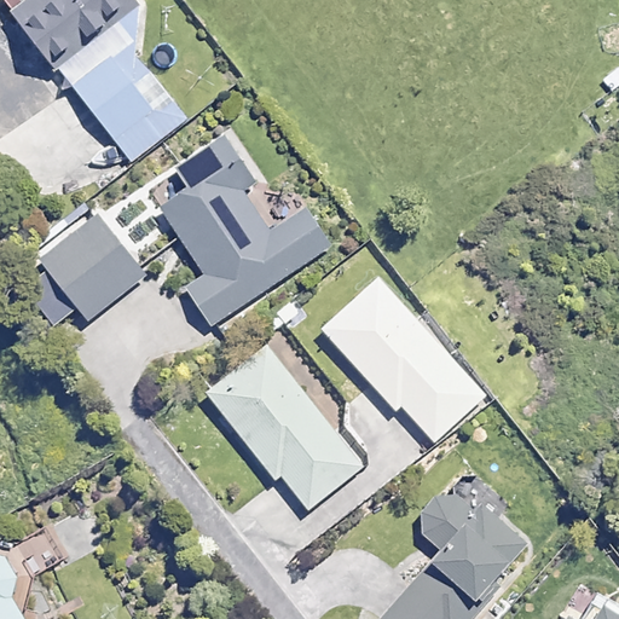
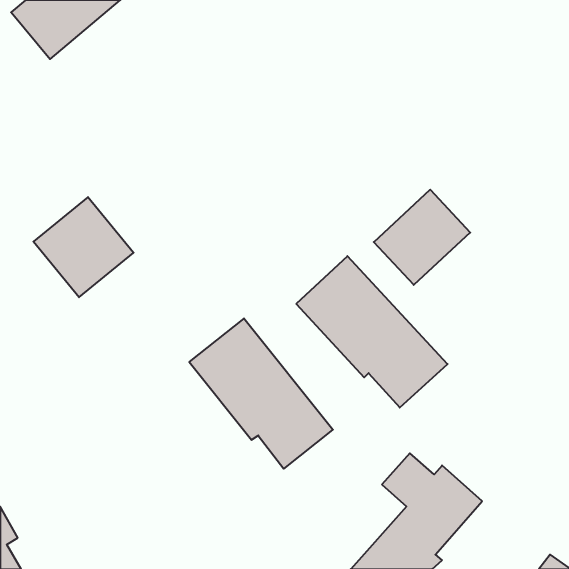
building: [75,45,189,163] -> none
building: [157,135,330,324] -> none
building: none -> [374,190,470,285]

